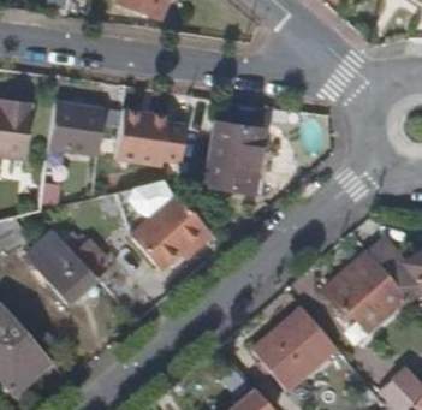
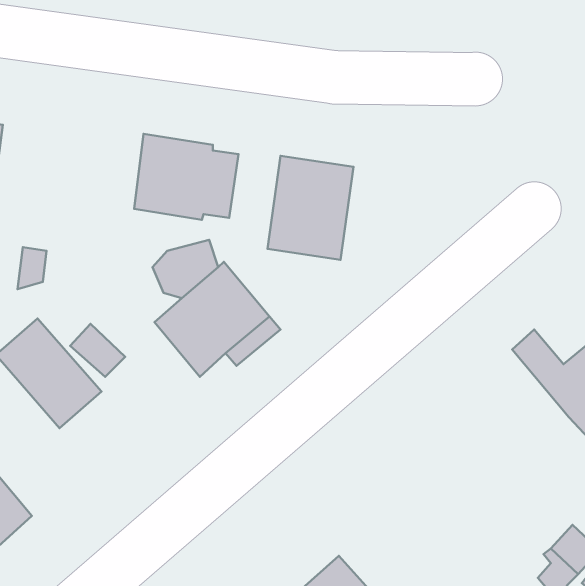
building: [49,103,106,155] -> none
building: [320,251,404,329] -> none
building: [252,307,335,388] -> none

